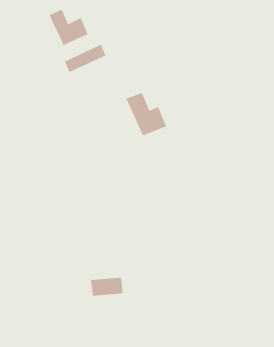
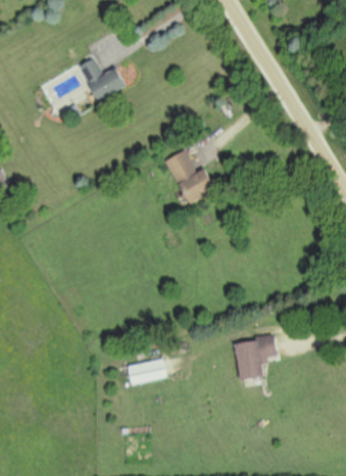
building: [64,44,106,73] -> none
building: none -> [234,336,277,380]

